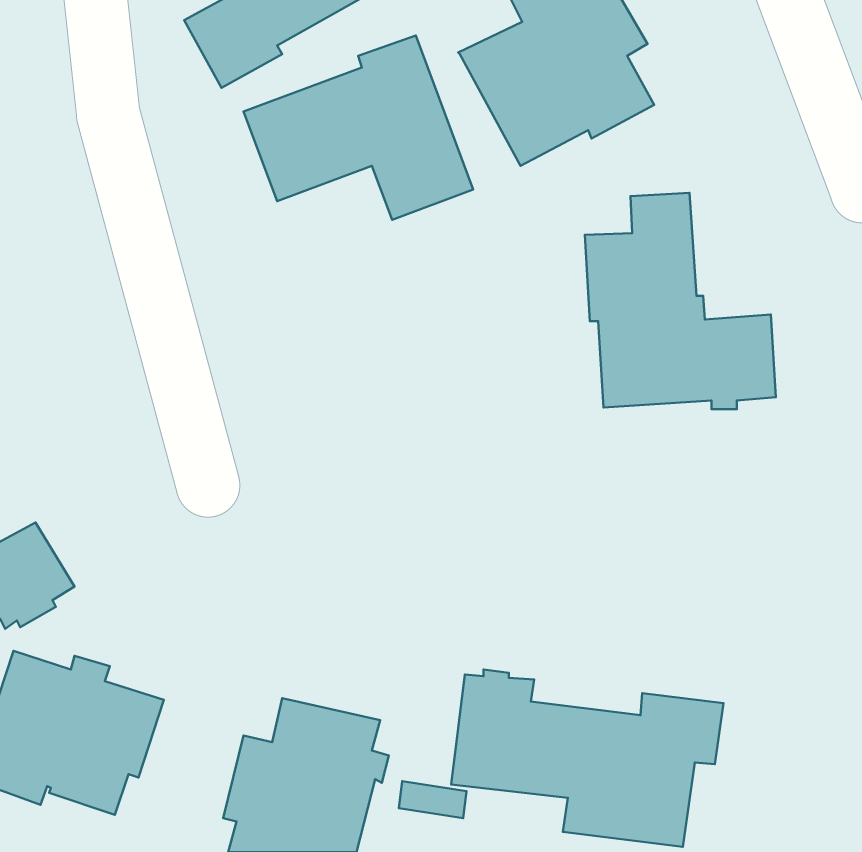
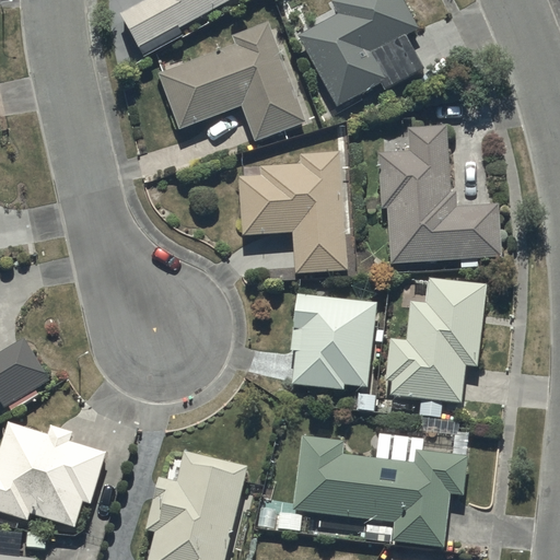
building: none -> [237,151,348,273]
building: none -> [385,278,486,416]
building: none -> [290,292,376,389]

